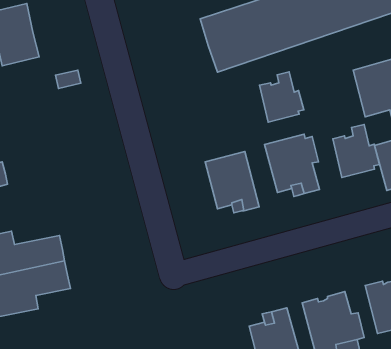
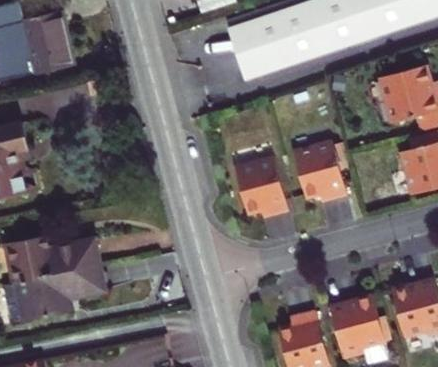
building: [259,72,304,122] -> none
building: [333,124,380,177] -> none

